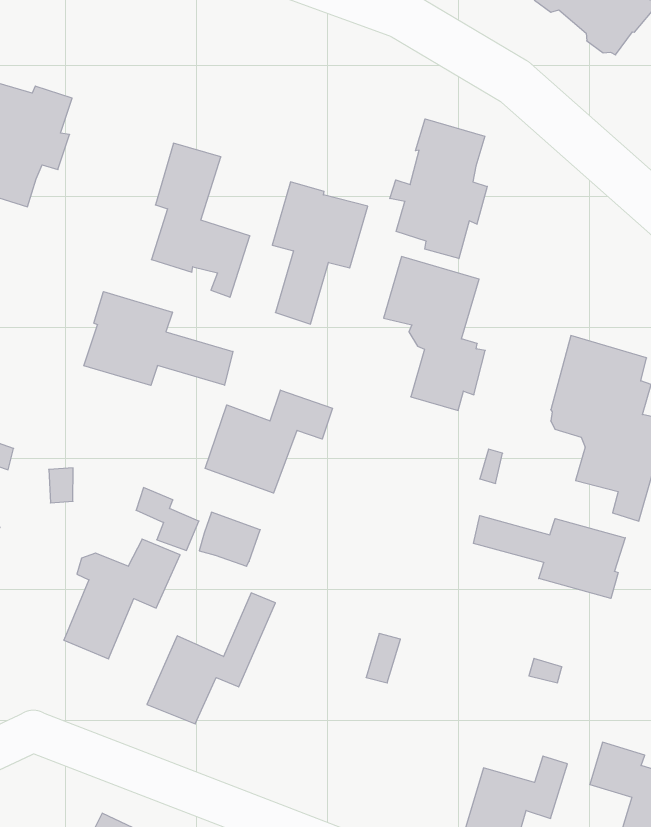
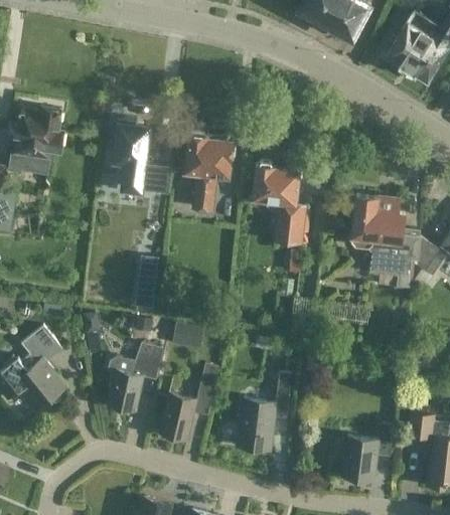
building: [390,119,487,259] -> none
building: [84,292,233,385] -> none
building: [205,390,333,493] -> none
building: [474,516,625,598] -> none
building: none -> [237,399,276,451]

